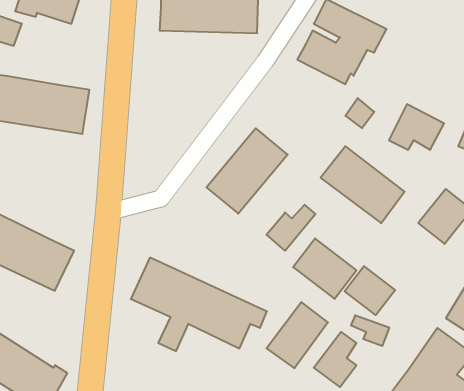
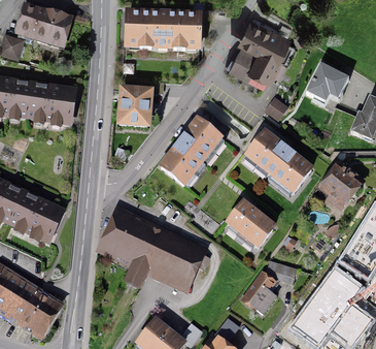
building: none -> [119,91,150,126]
building: [389,104,444,150] -> [307,65,348,99]
building: [266,205,315,251] -> none
building: [345,266,395,315] -> none
building: [267,302,328,368] -> none

